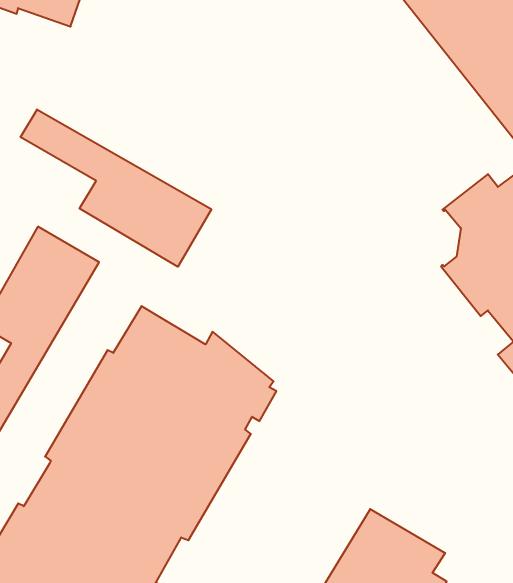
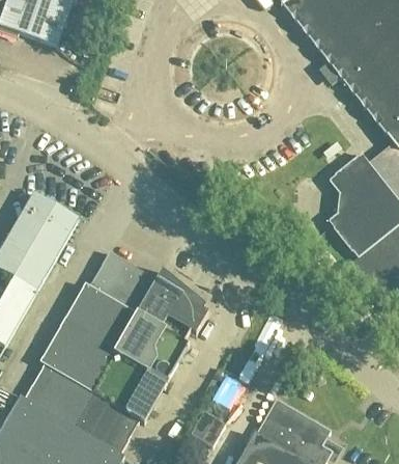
building: [21,109,211,267] -> none

